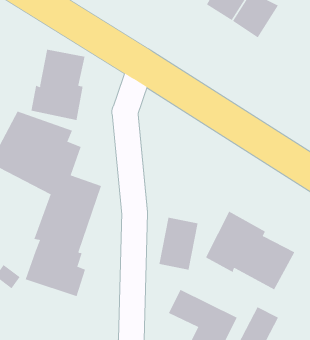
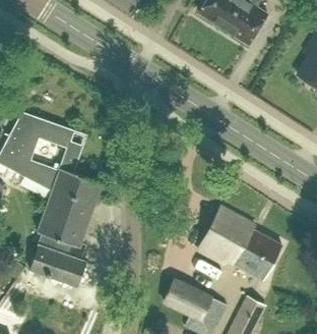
building: [31,49,85,121] -> none
building: [159,217,198,271] -> none

